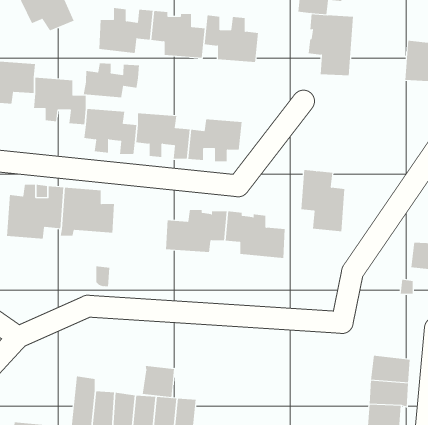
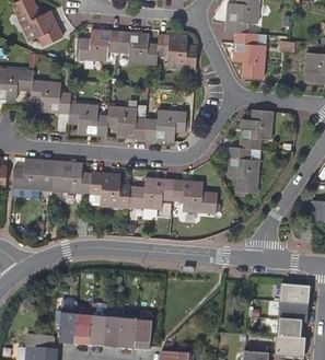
building: [83,63,140,98] -> none
building: none -> [240,109,274,150]
building: none -> [90,172,129,206]
building: [142,365,175,398] -> none

